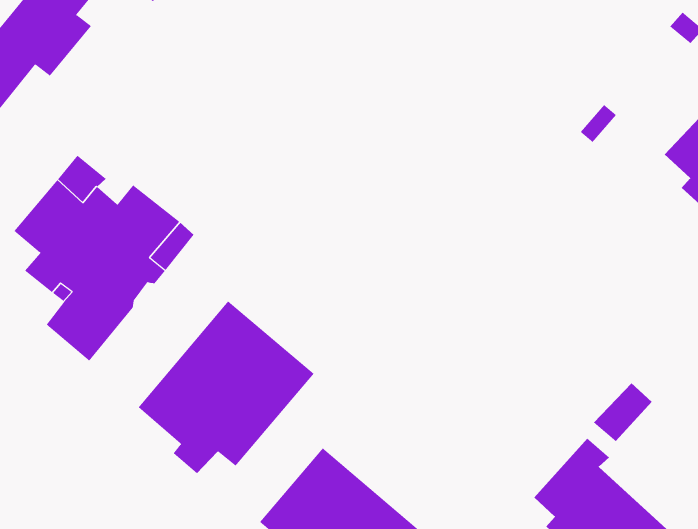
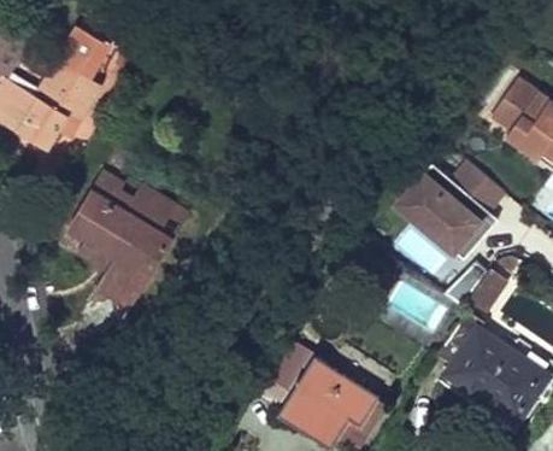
building: none -> [389,160,512,262]
building: [138,300,314,474] -> none

